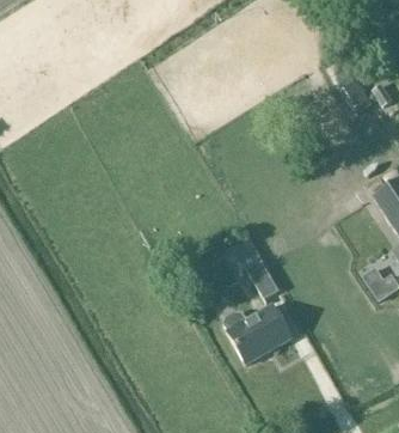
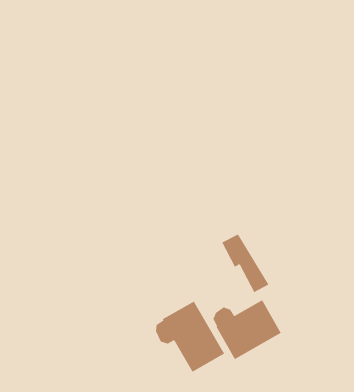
building: none -> [155,300,225,373]

